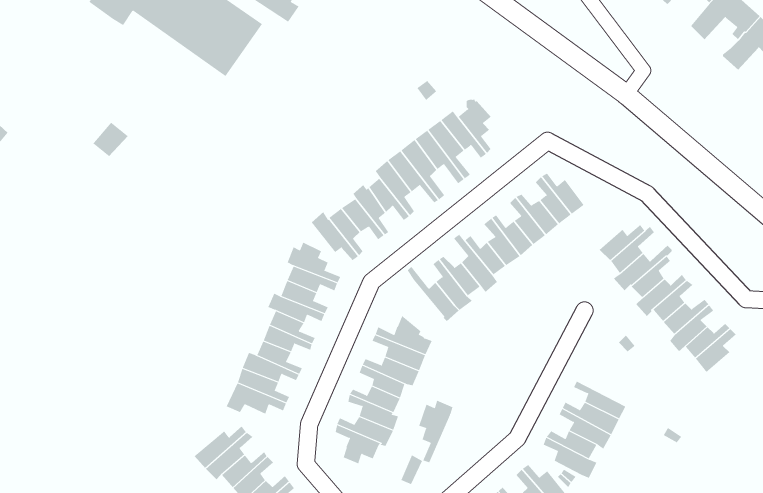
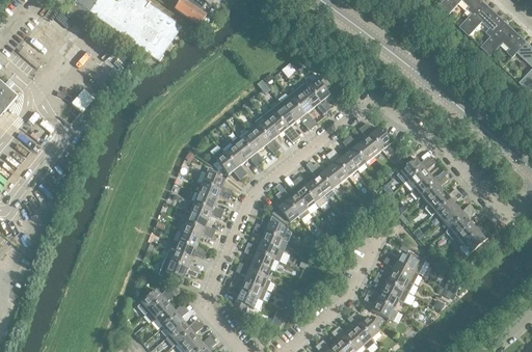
building: none -> [271,192,299,224]
building: none -> [385,251,426,274]
building: [419,400,453,463] -> none

